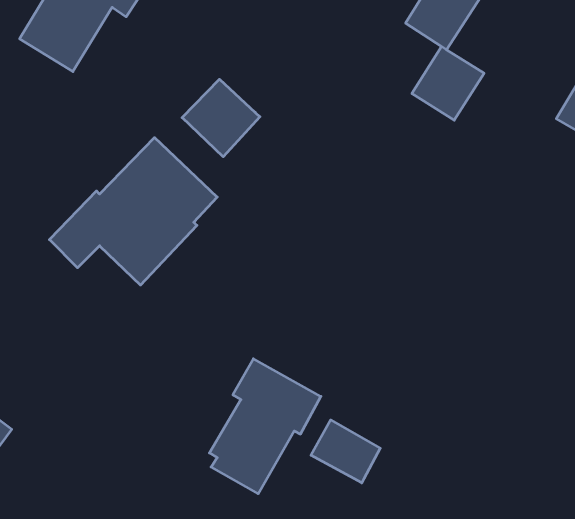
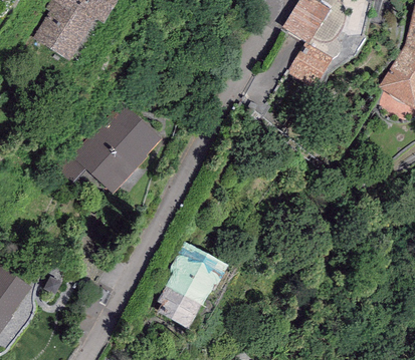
building: [182,79,260,157] -> none
building: [311,420,380,483] -> none

